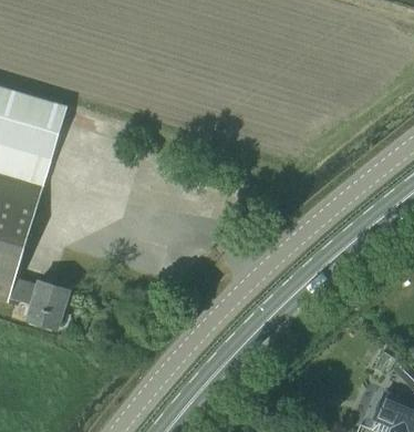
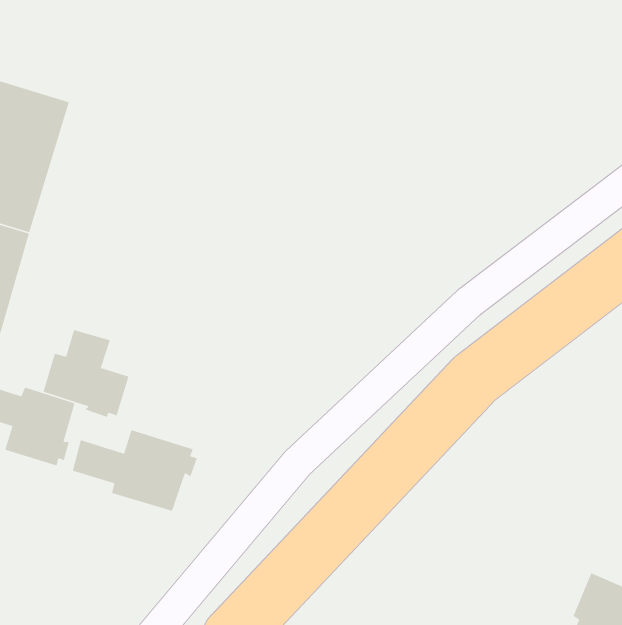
building: none -> [43,329,130,418]
building: none -> [72,429,198,512]

